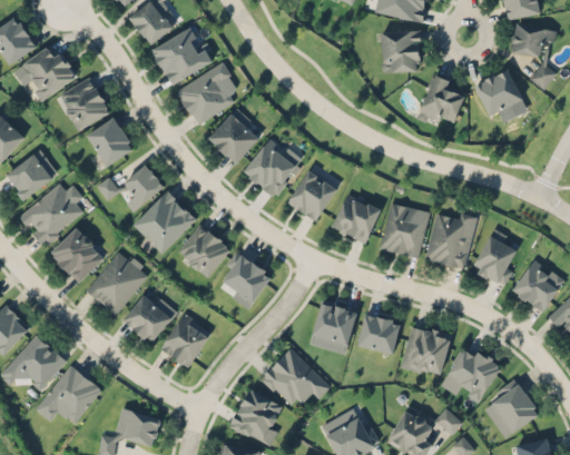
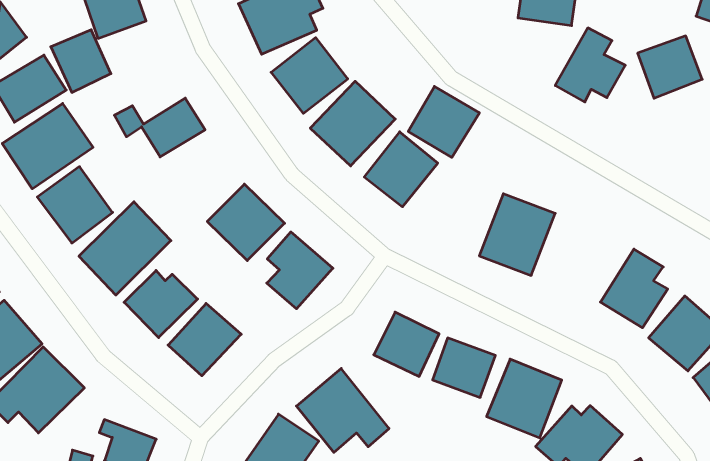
building: [87,118,134,166] -> [51,30,111,92]
building: [132,189,198,255] -> none
building: [332,194,382,244] -> [408,86,479,157]
building: [425,211,476,269] -> none

